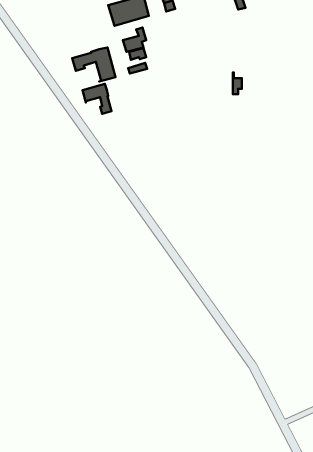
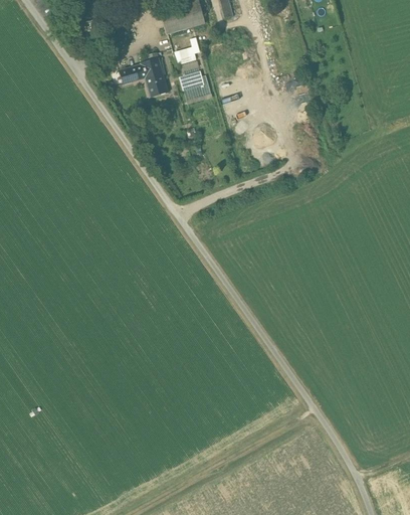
building: [82,84,112,114] -> none

